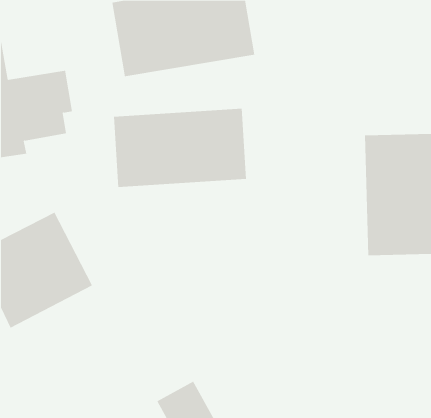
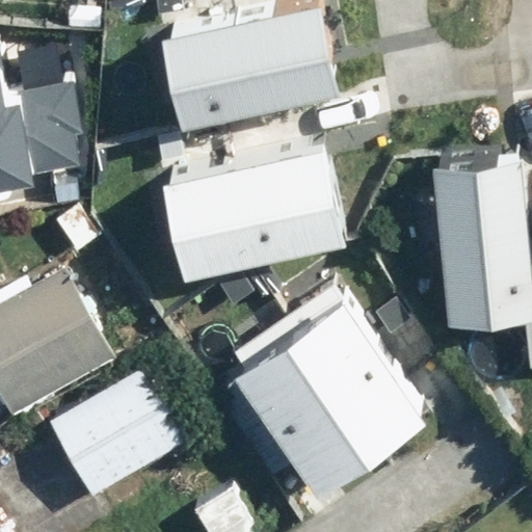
building: none -> [204,278,407,476]
building: none -> [46,356,206,503]

